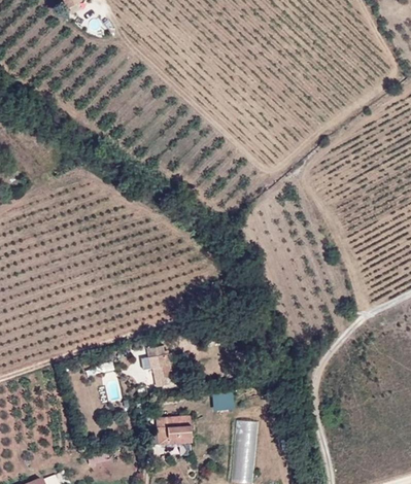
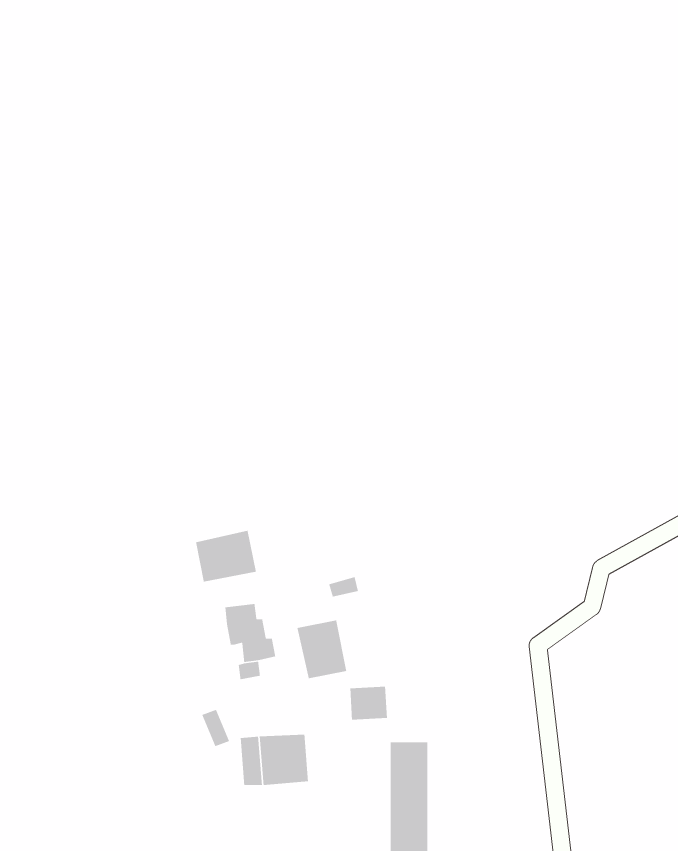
building: none -> [195,530,257,583]
building: none -> [297,619,347,679]

